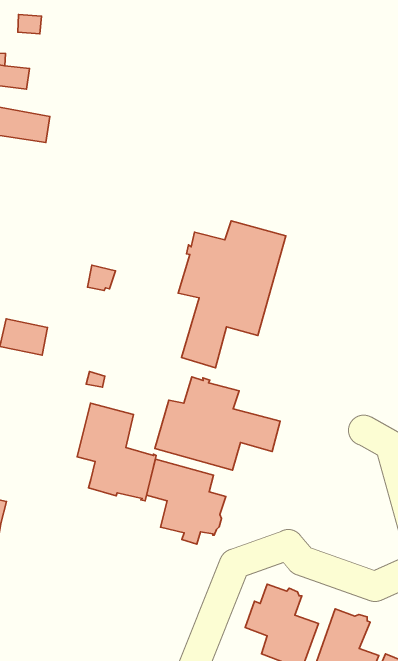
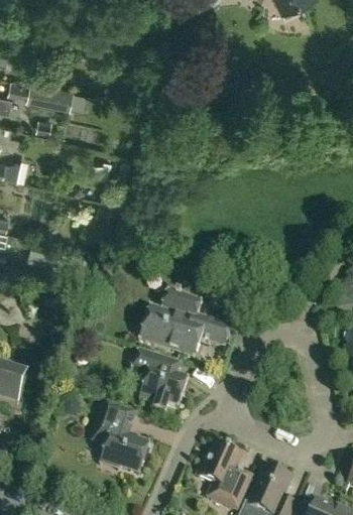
building: [178,221,286,368] -> none
building: [77,403,156,501] -> [91,400,149,475]

